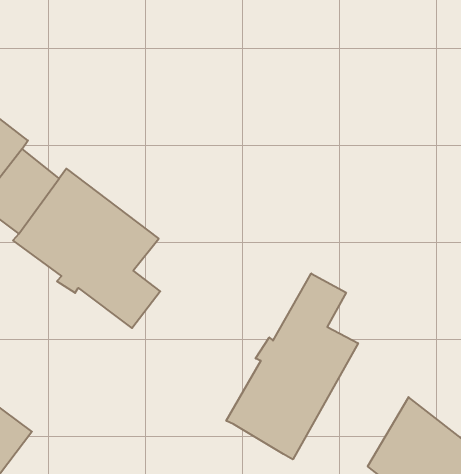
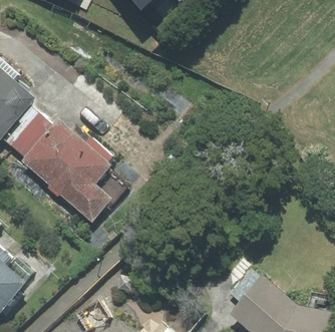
building: [226,273,358,459] -> none

